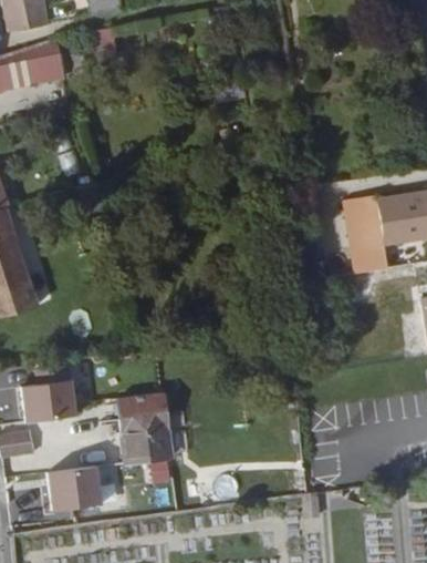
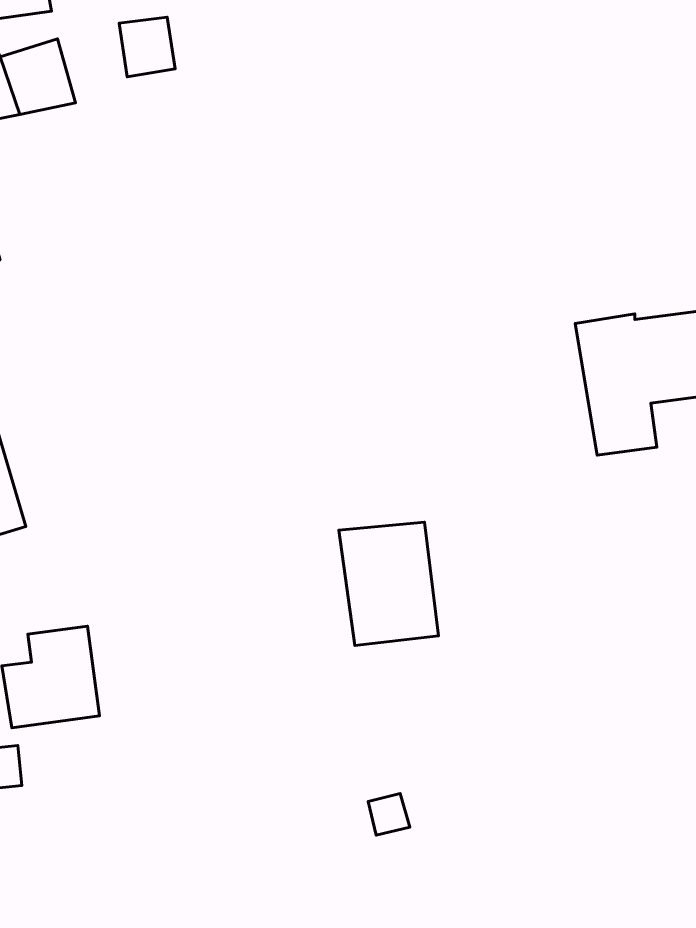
building: [117,397,173,465] -> [339,522,438,646]
building: [46,467,101,512] -> none

